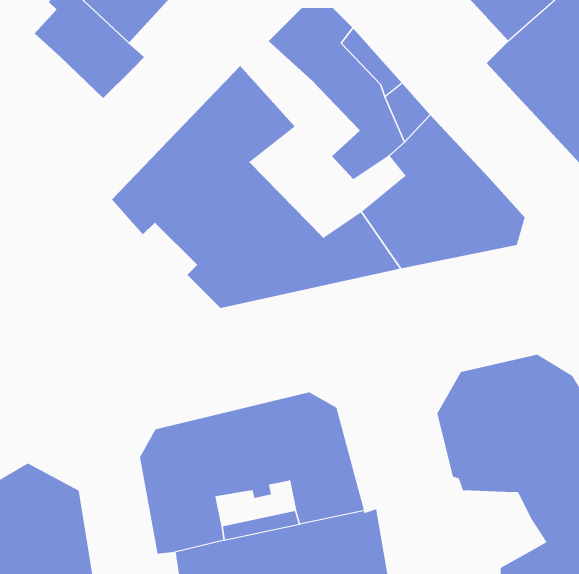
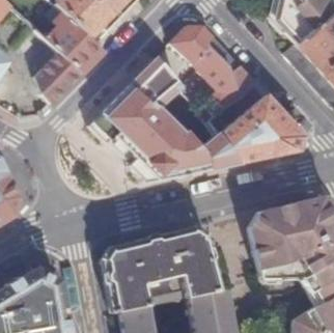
building: none -> [37,51,84,104]

